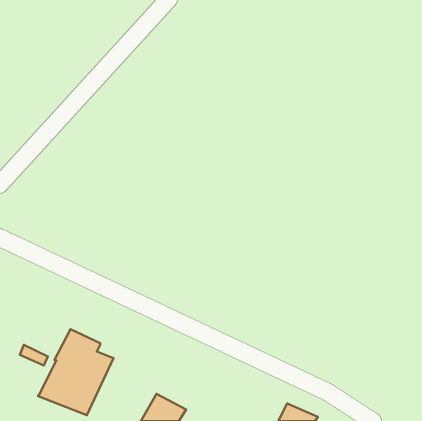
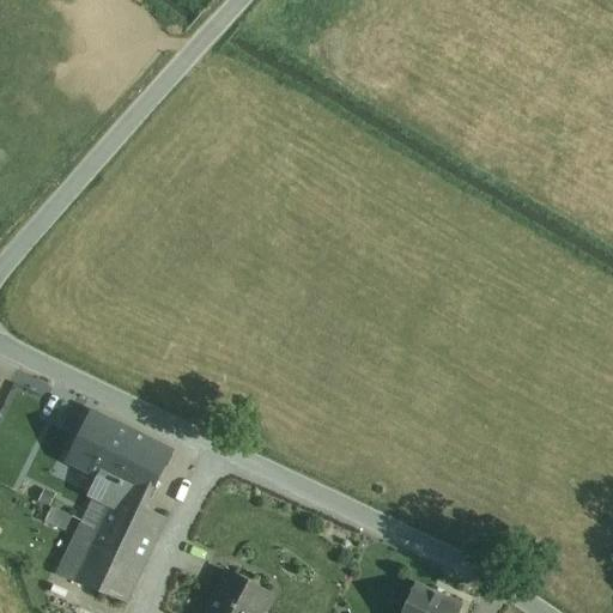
building: none -> [67,412,169,497]

